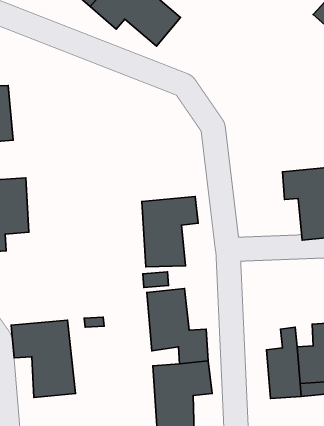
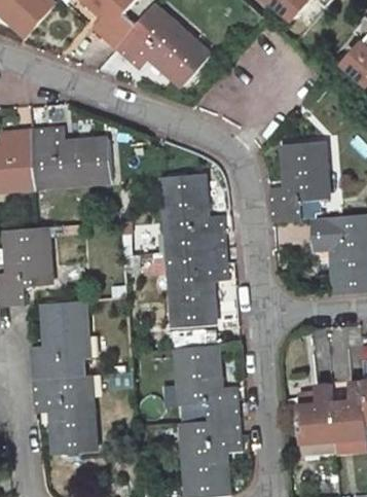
building: none -> [31,129,115,188]
building: none -> [267,142,330,225]
building: none -> [163,174,225,252]
building: none -> [32,299,93,381]

